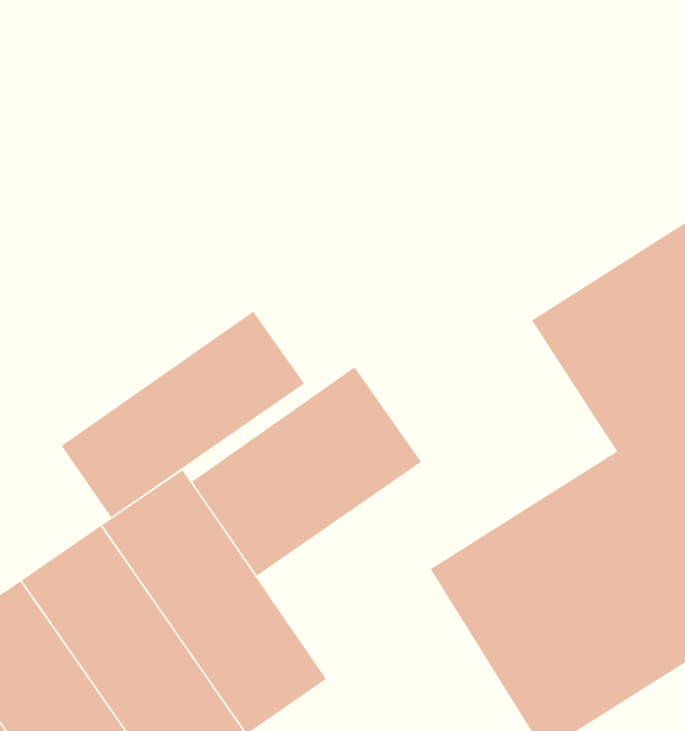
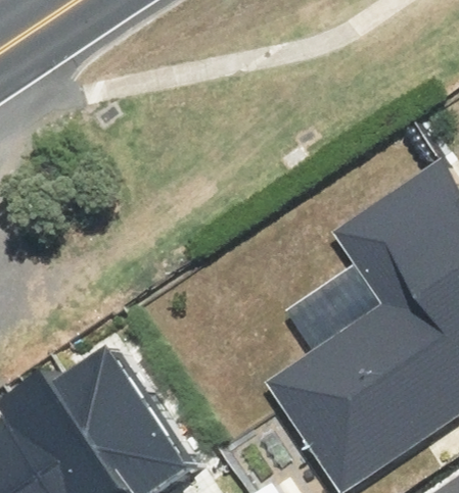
building: [61,311,305,518] -> none
building: [191,366,422,576] -> none

